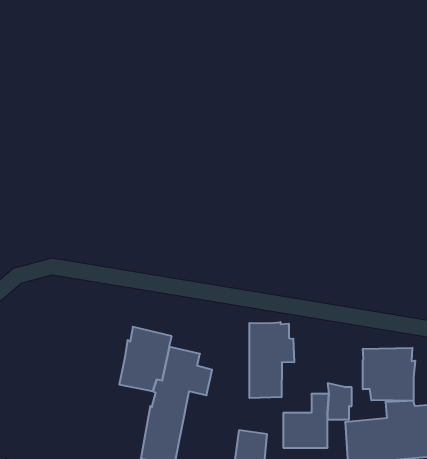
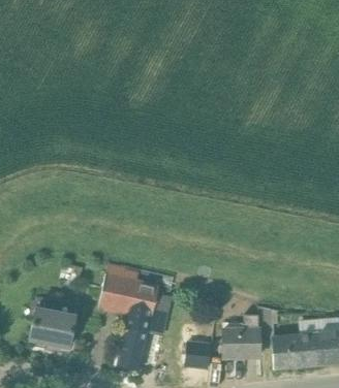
building: [249,322,294,398] -> none
building: [363,348,415,401] -> none
building: none -> [29,299,75,348]

